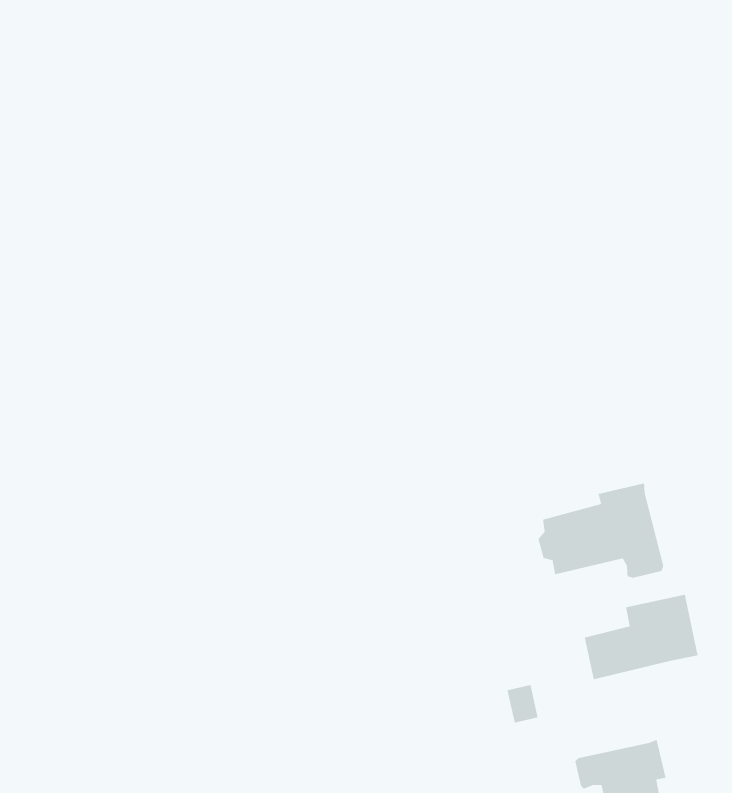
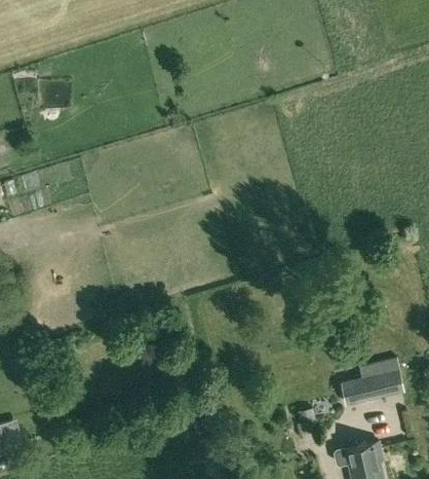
building: [538,483,664,578] -> none

